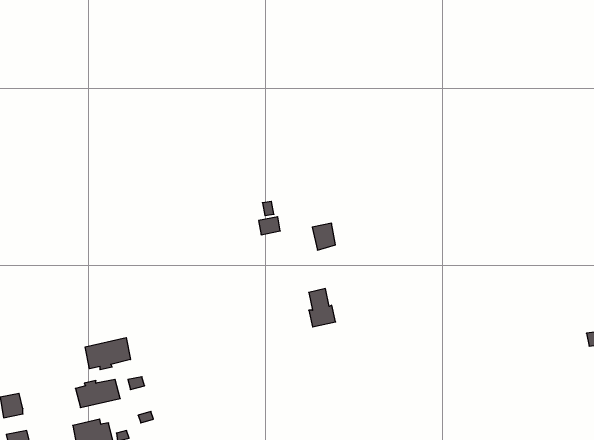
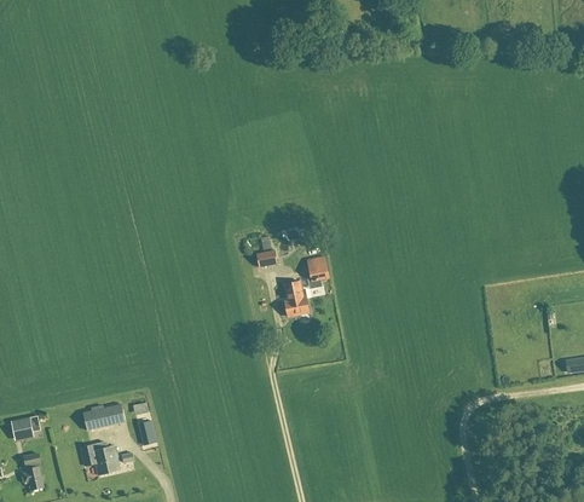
building: [309,289,336,327] -> [283,281,308,317]
building: [85,338,130,370] -> none

